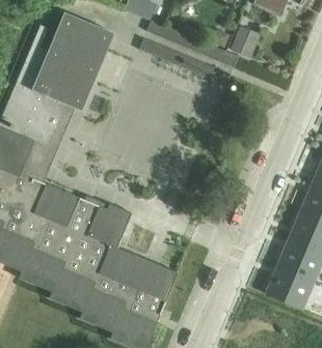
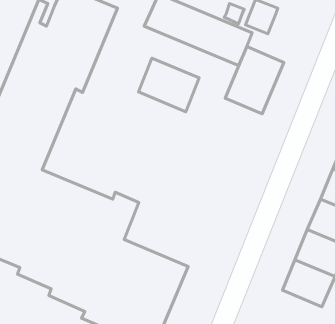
building: none -> [225,47,284,114]
building: none -> [139,58,199,112]

